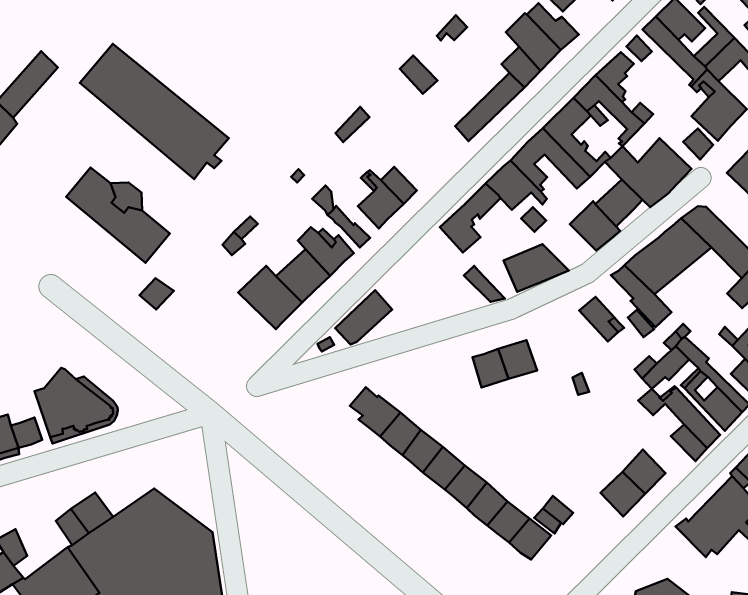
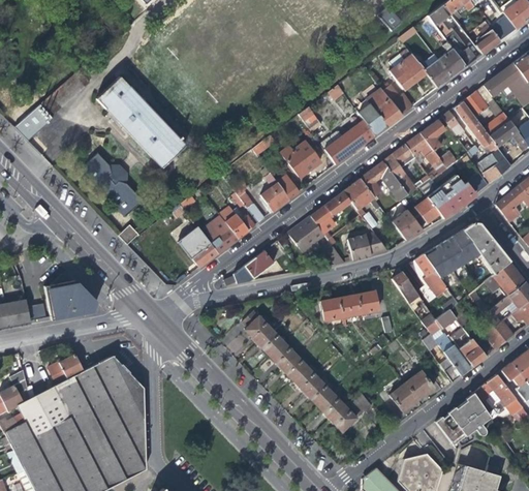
building: none -> [281,141,321,177]
building: none -> [288,216,324,252]
building: none -> [356,290,379,314]

